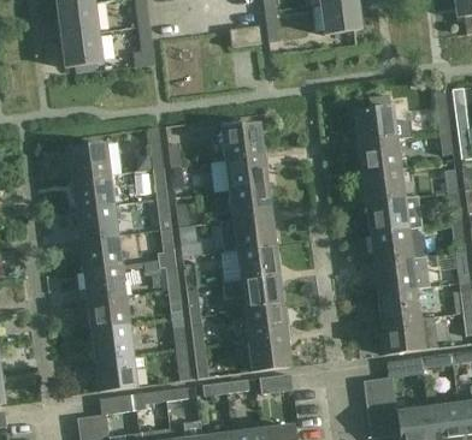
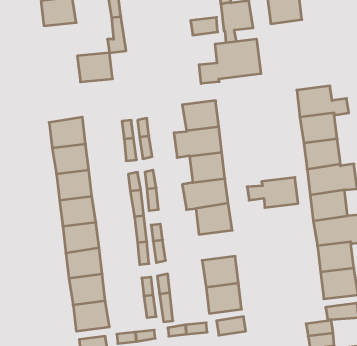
building: [61,31,102,65] -> [77,53,113,82]
building: none -> [199,39,261,84]
building: [224,272,283,307] -> [247,177,298,208]

